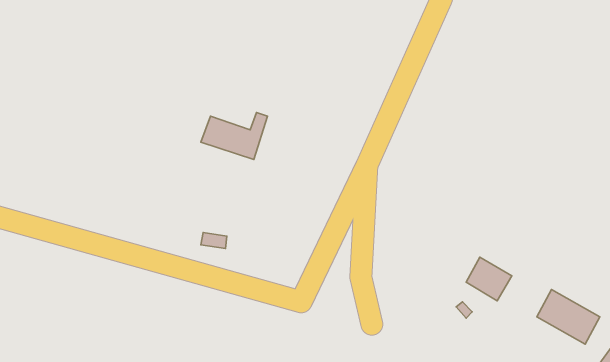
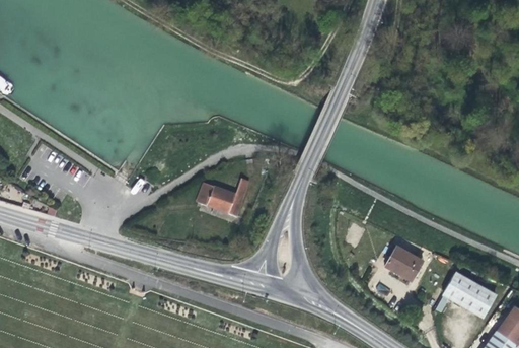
building: [201,112,268,160] -> [196,176,250,214]

